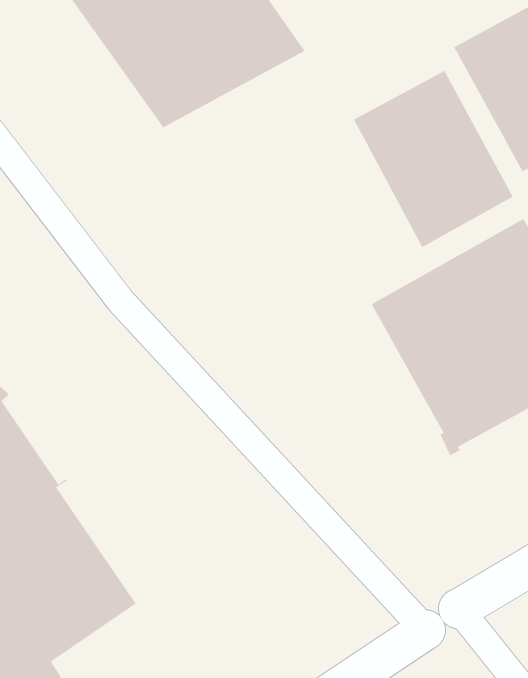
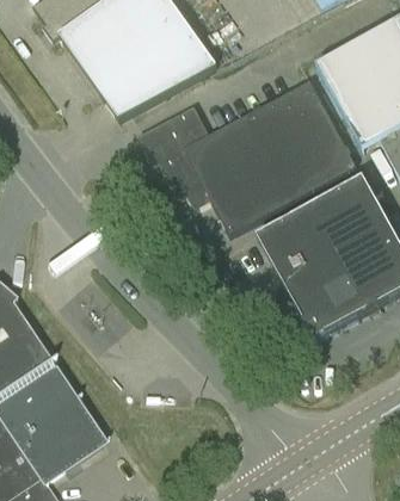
building: none -> [137,104,295,234]

